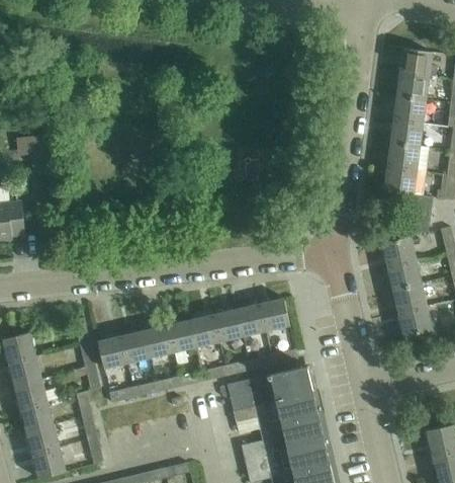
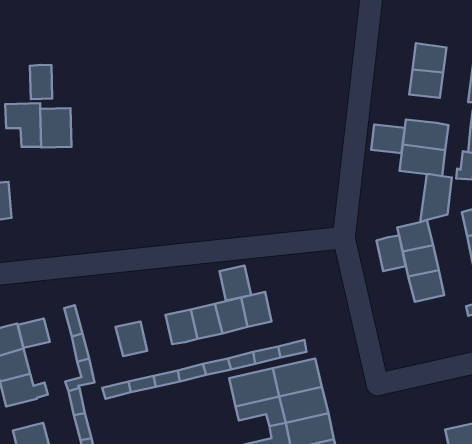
building: [399,49,438,77] -> none
building: none -> [30,65,52,99]
building: [390,120,422,147] -> [371,125,405,153]
building: none -> [40,108,71,147]
building: none -> [377,235,406,271]
building: [260,299,289,331] -> [219,266,251,301]
building: [398,307,432,337] -> none
building: [145,325,174,358] -> none
building: none -> [18,318,50,348]
building: [98,336,128,370] -> none
building: [20,403,55,432] -> none

